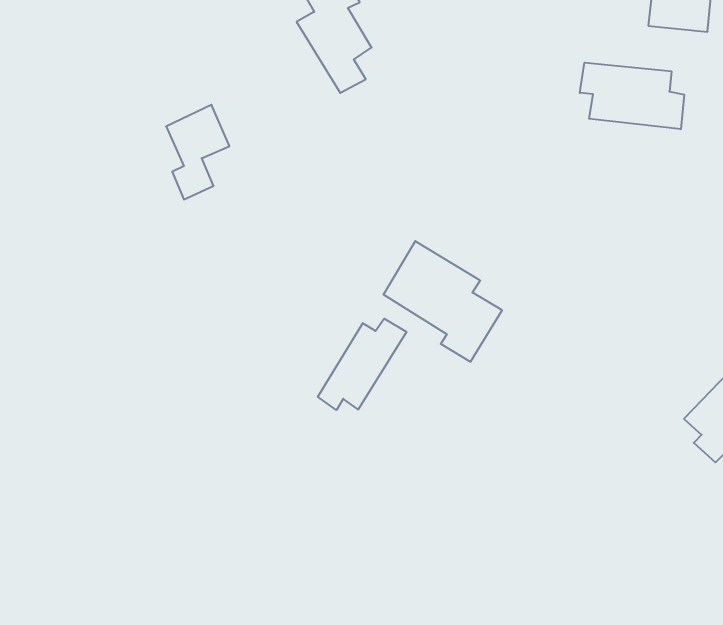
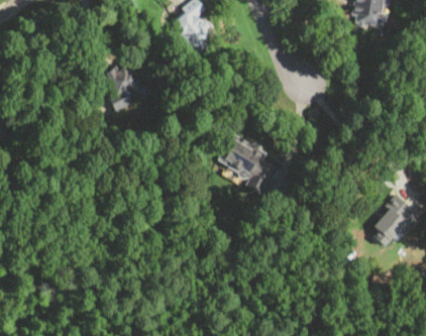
building: [580,63,684,129] -> none
building: [318,319,406,410] -> none

